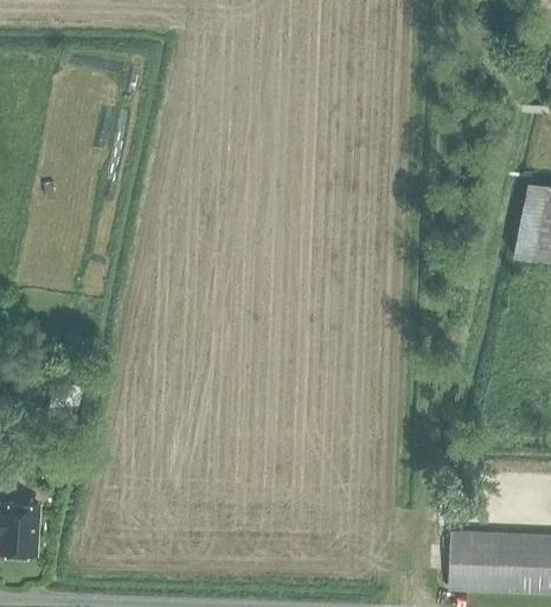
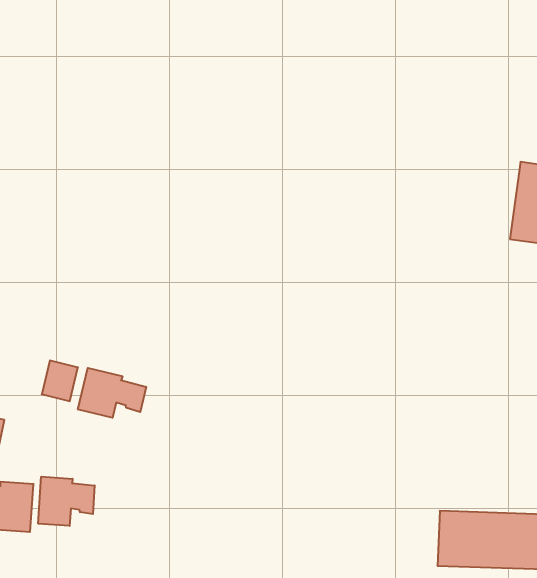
building: none -> [78,368,146,418]
building: none -> [38,477,95,526]

